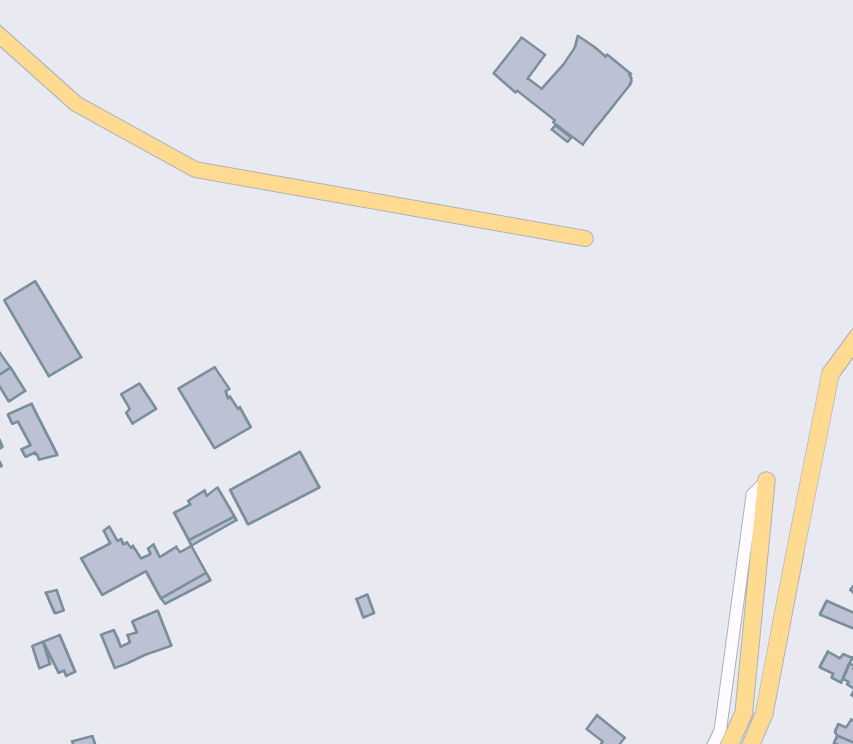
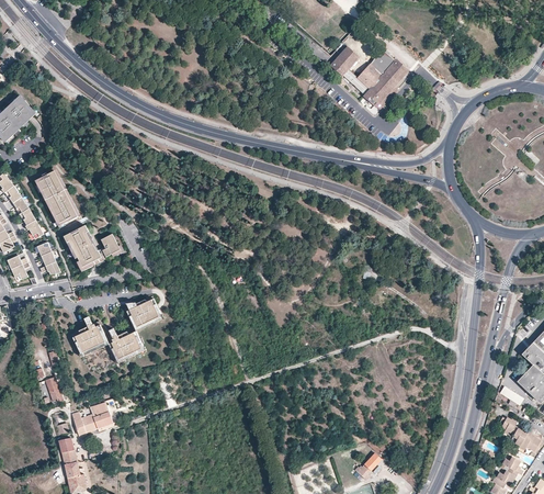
building: [179,367,251,448] -> [63,225,103,272]
building: [230,452,319,524] -> none
building: [101,611,171,668] -> [71,403,112,435]

